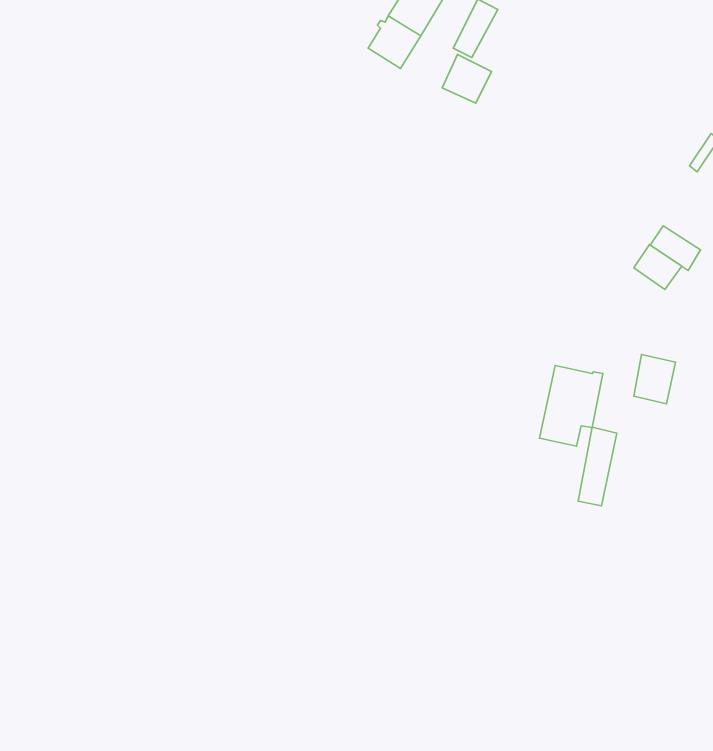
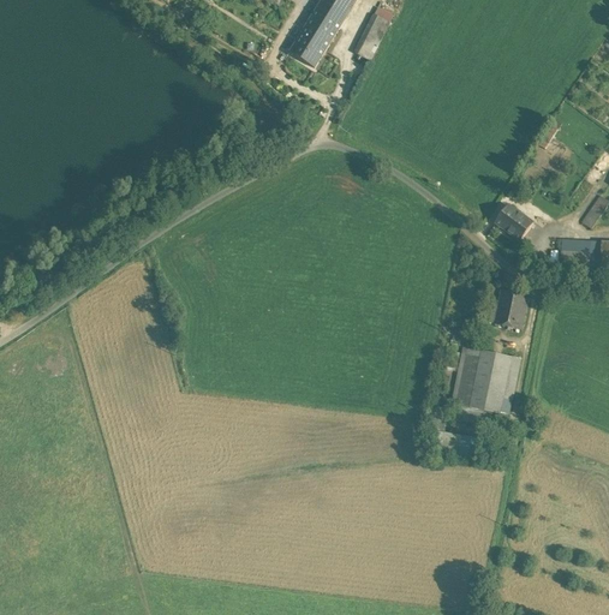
building: [442,54,492,103] -> none
building: [650,226,700,271] -> none
building: [540,366,603,446] -> [471,350,520,412]

